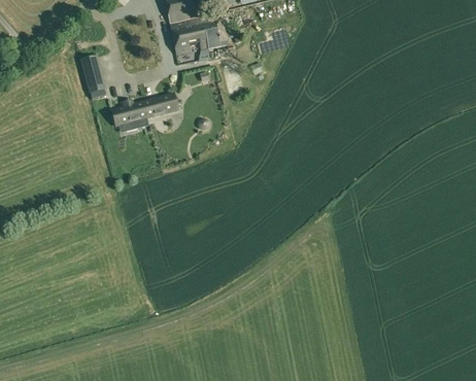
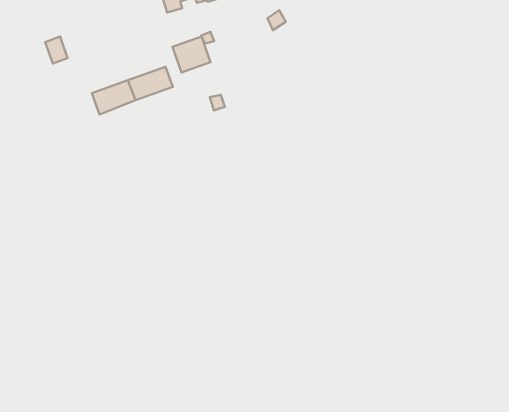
building: none -> [173,36,210,72]

